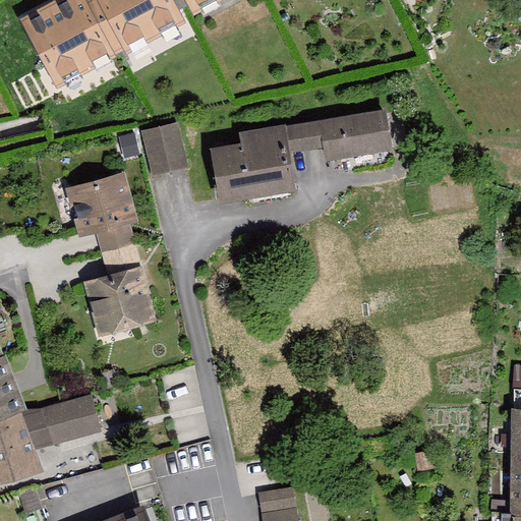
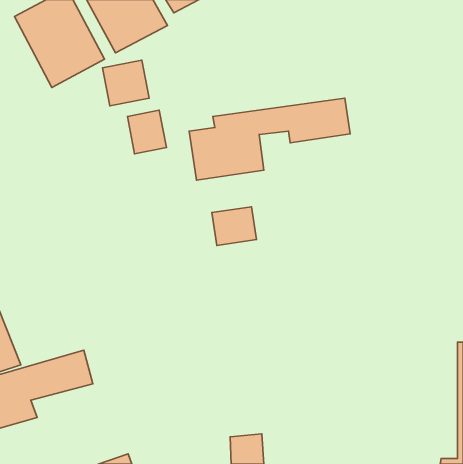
building: none -> [103,60,149,106]
building: [67,174,156,334] -> none
building: none -> [212,207,256,245]

